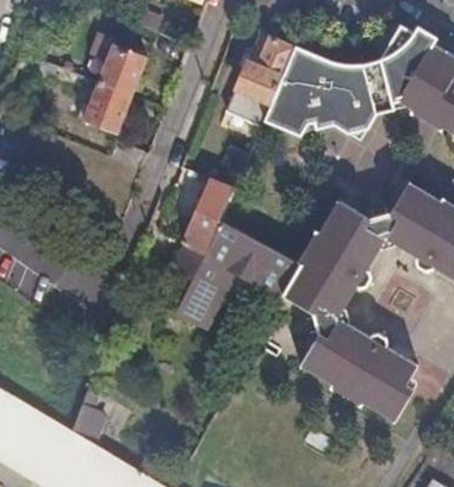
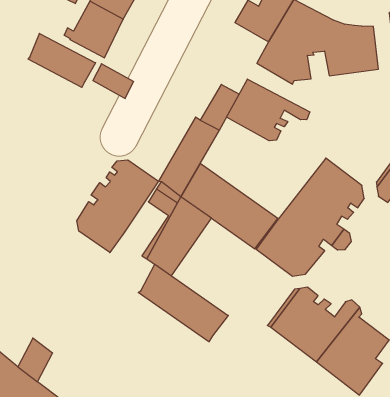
building: none -> [28,33,96,87]
building: none -> [227,79,310,141]
building: none -> [77,160,159,253]
building: none -> [138,264,228,342]

